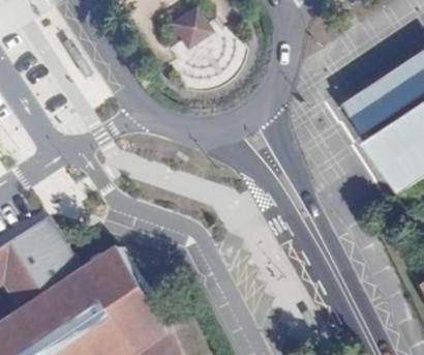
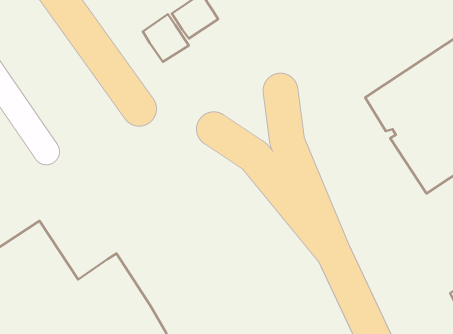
building: none -> [143,14,189,62]

